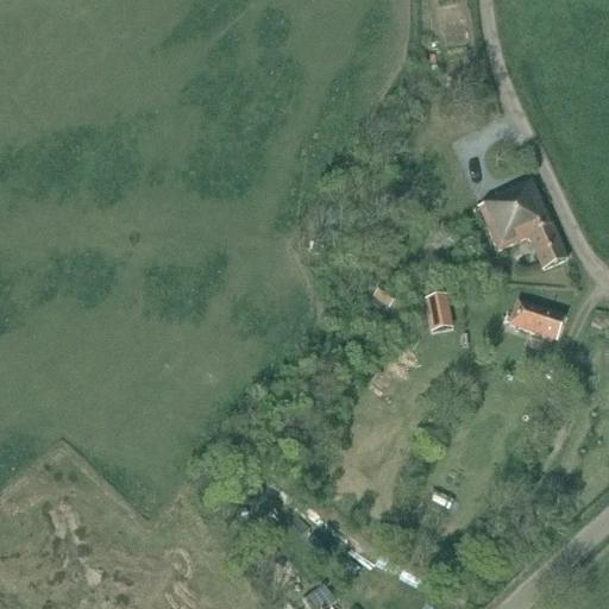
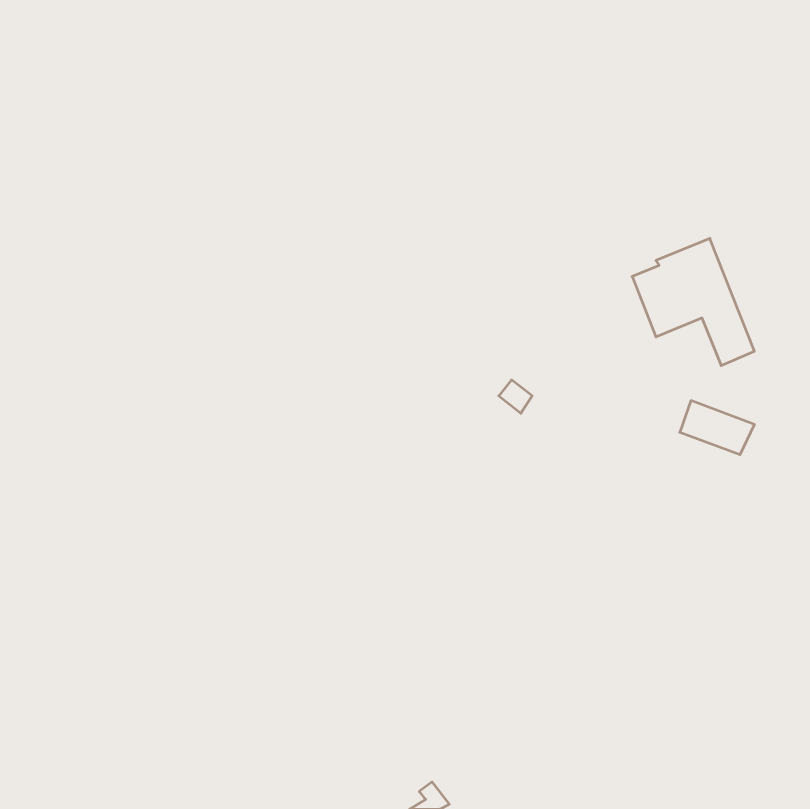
building: [426,294,454,332] -> none

